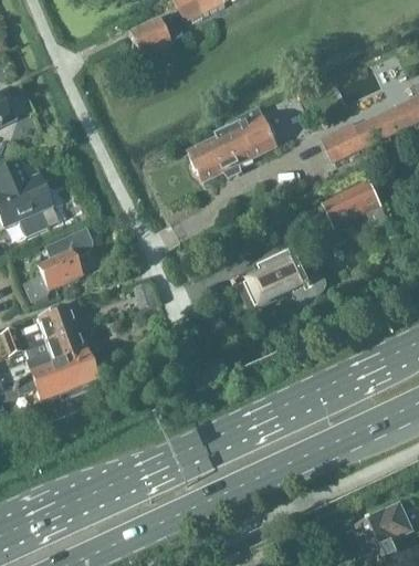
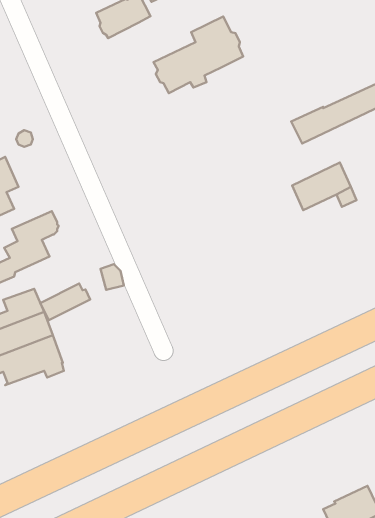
building: [190,106,280,182] -> [153,17,243,93]
building: [244,249,327,307] -> none
building: none -> [40,284,90,320]

